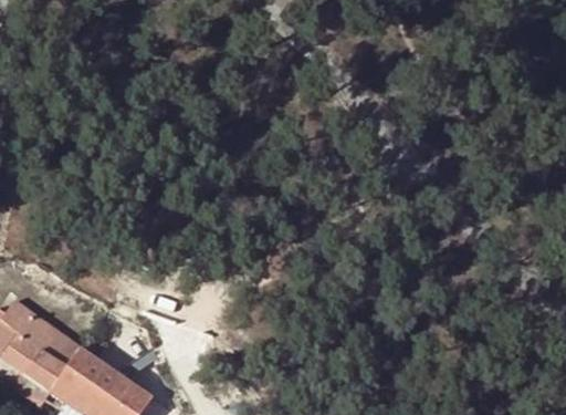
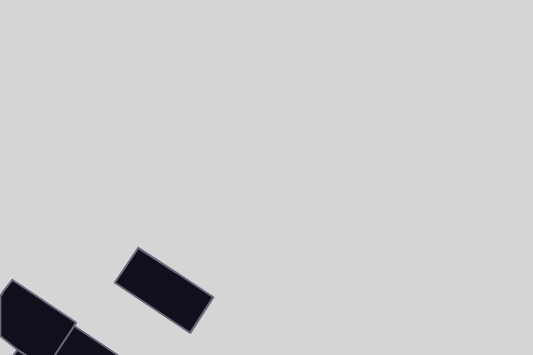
building: none -> [115,248,213,333]

